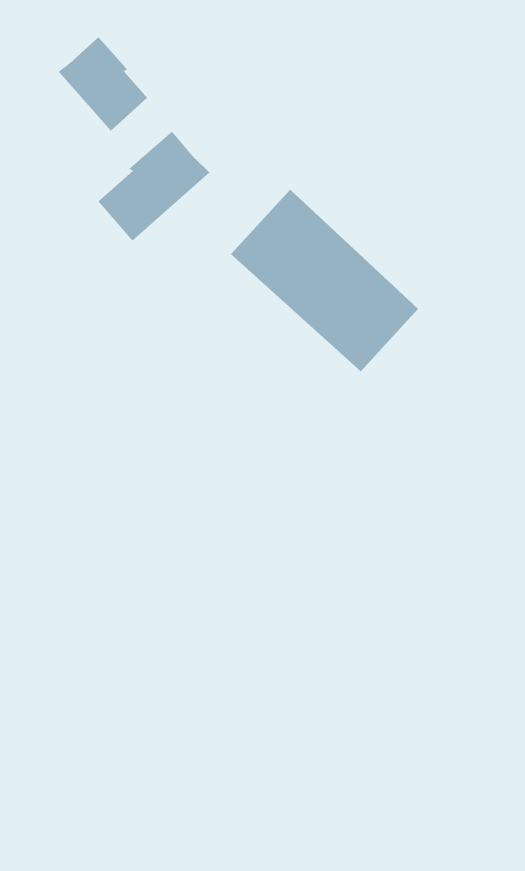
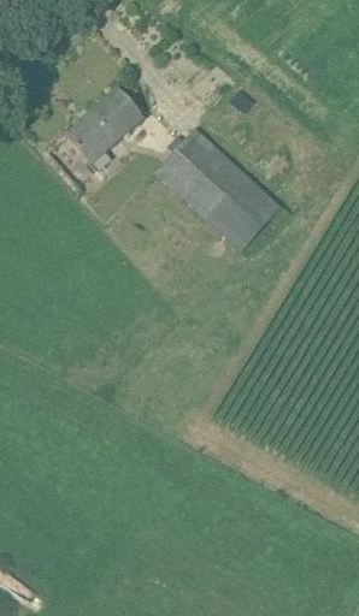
building: [58,37,148,131] -> none

